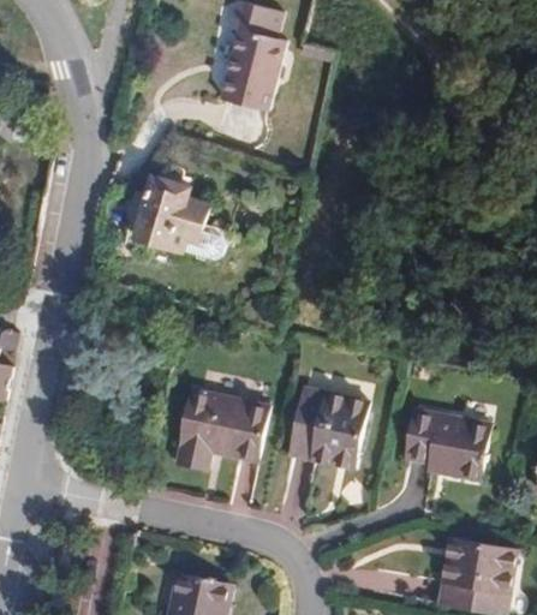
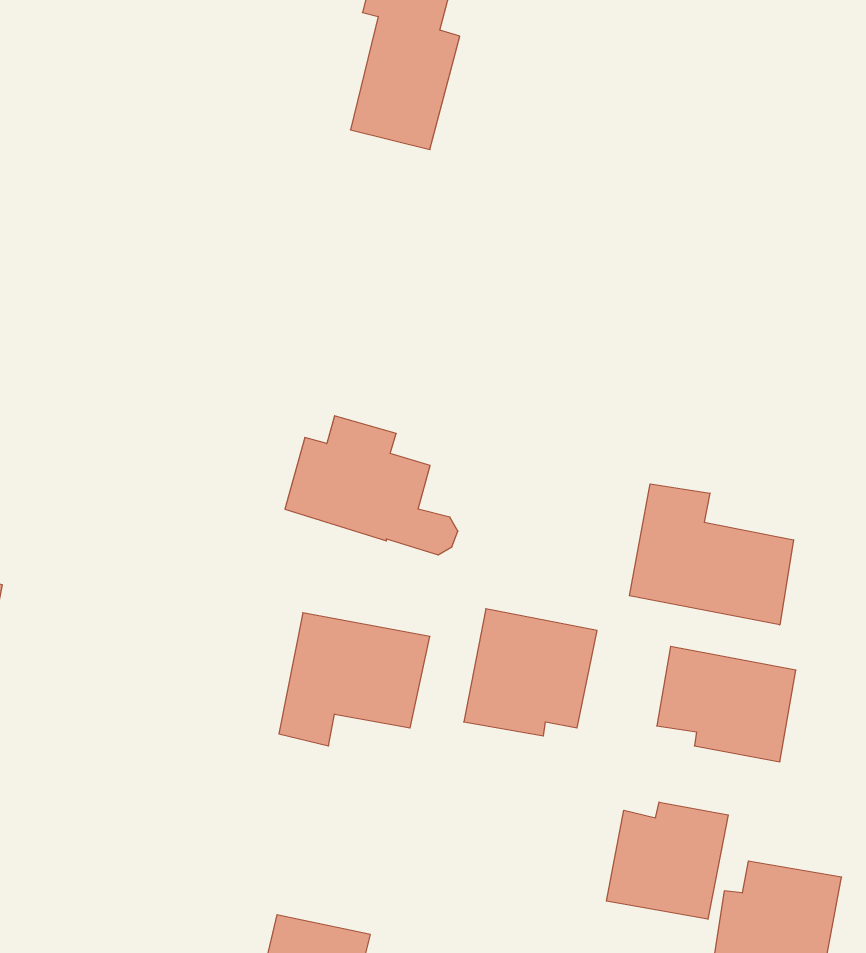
building: [120,175,225,259] -> [285,416,458,555]
building: none -> [629,484,793,625]
building: none -> [606,802,728,919]

